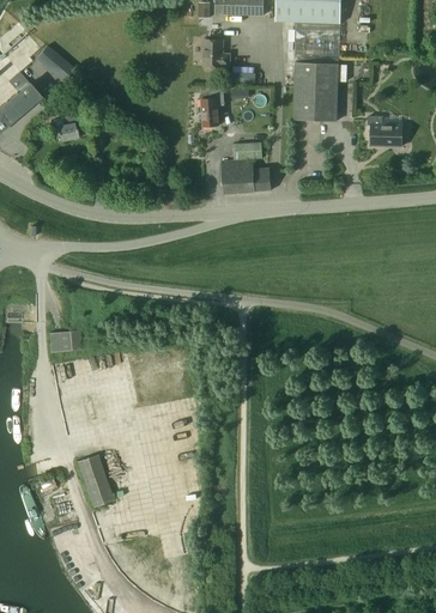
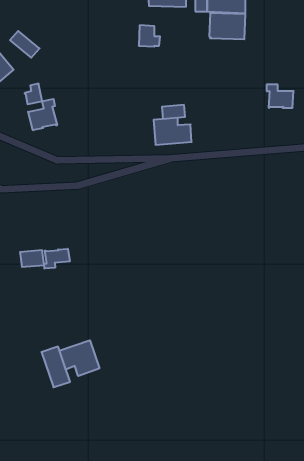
building: [293,56,346,121] -> none
building: [201,90,224,127] -> none
building: none -> [28,99,57,130]
building: none -> [44,249,70,269]
building: none -> [59,340,99,376]

